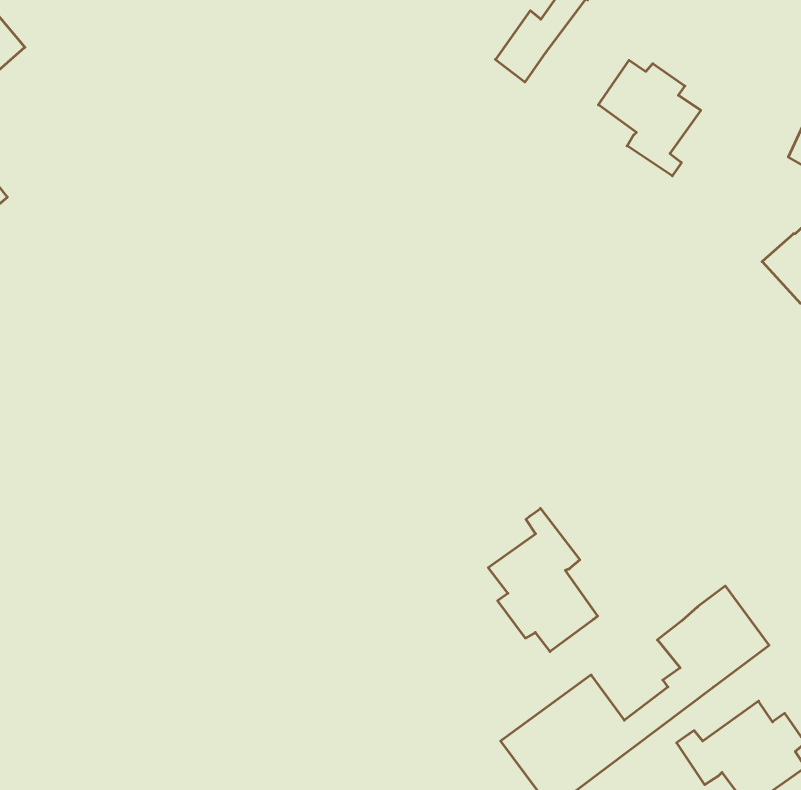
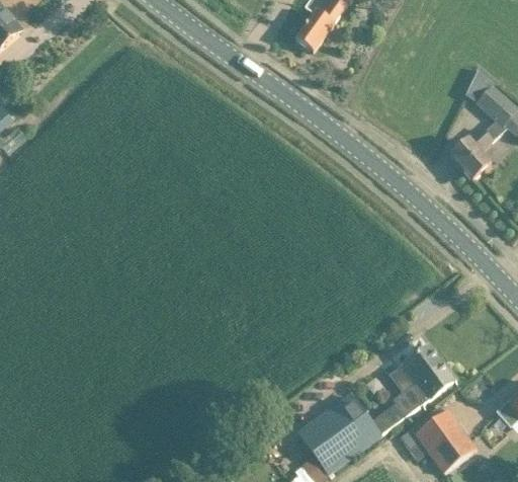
building: [598,60,701,176] -> none
building: [488,508,598,652] -> none

